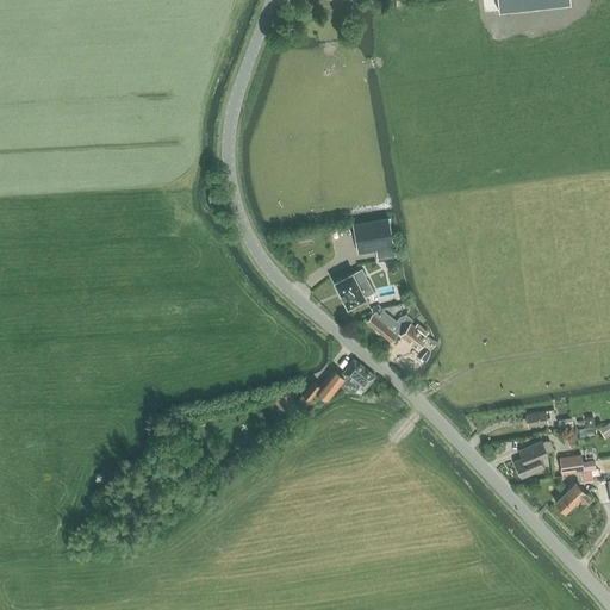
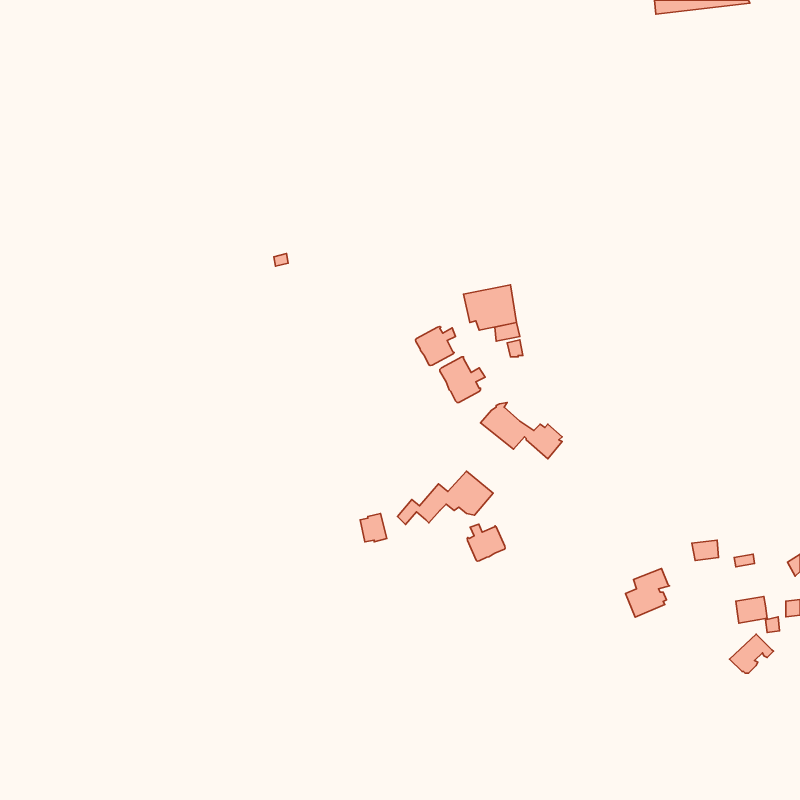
building: none -> [416,327,455,366]
building: none -> [467,524,505,561]
building: [515,441,548,478] -> [626,569,669,617]

